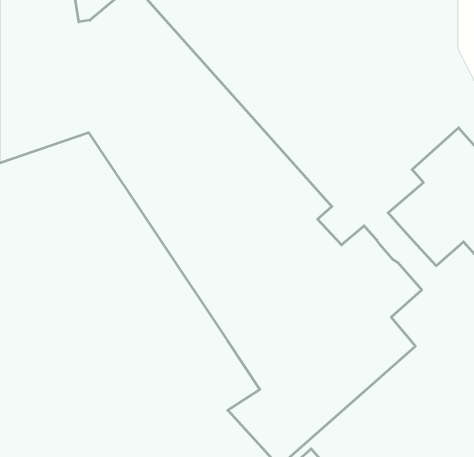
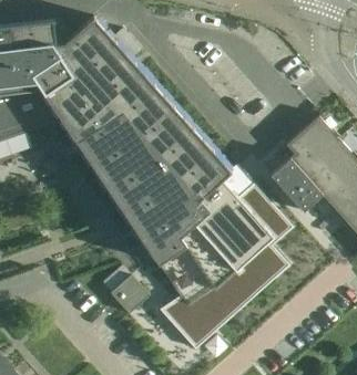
building: none -> [110,274,150,314]

